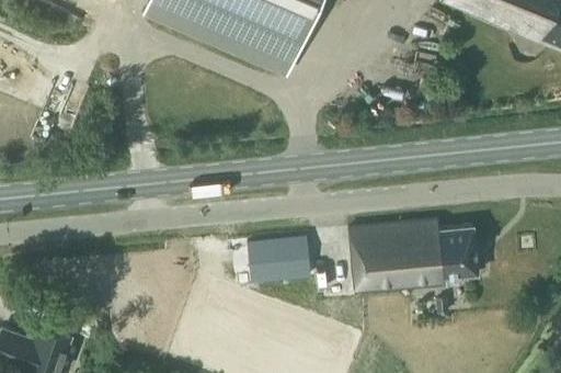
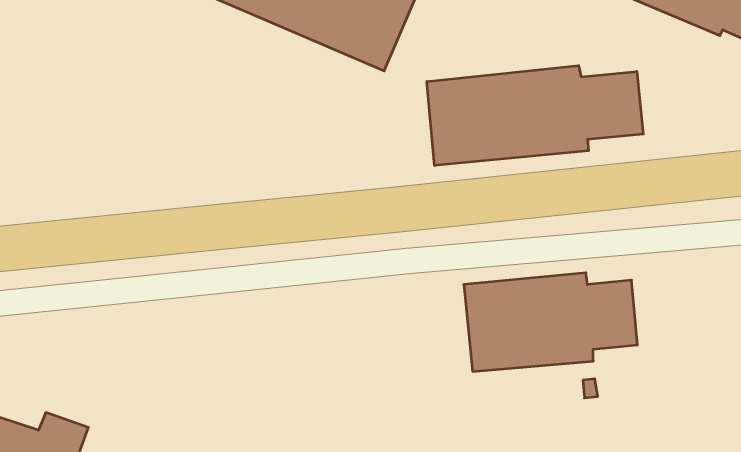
building: none -> [427,66,643,166]
building: [249,236,311,281] -> none

